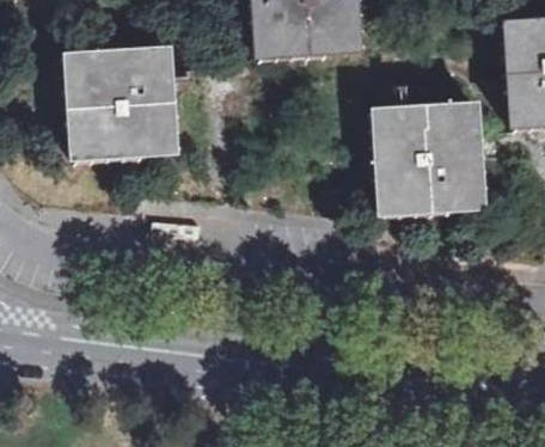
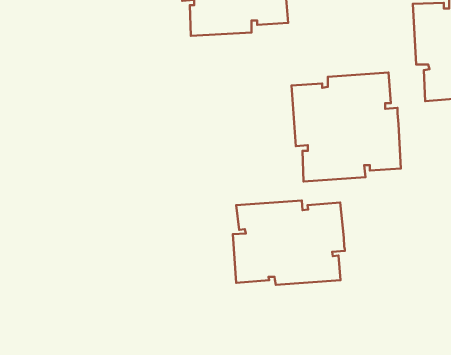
building: [61,47,179,165] -> none
building: none -> [233,200,345,285]

